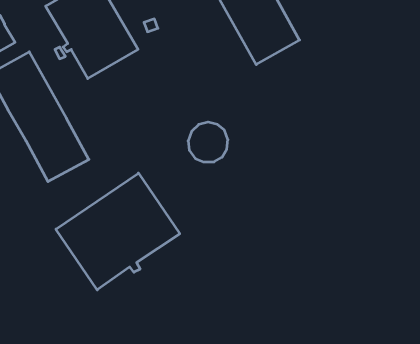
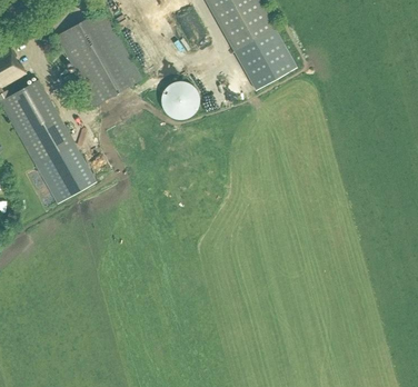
building: [188,122,228,162] -> [161,80,199,118]
building: [56,173,180,290] -> none

